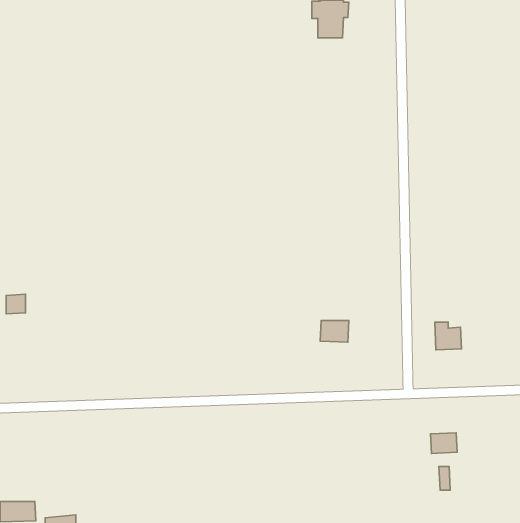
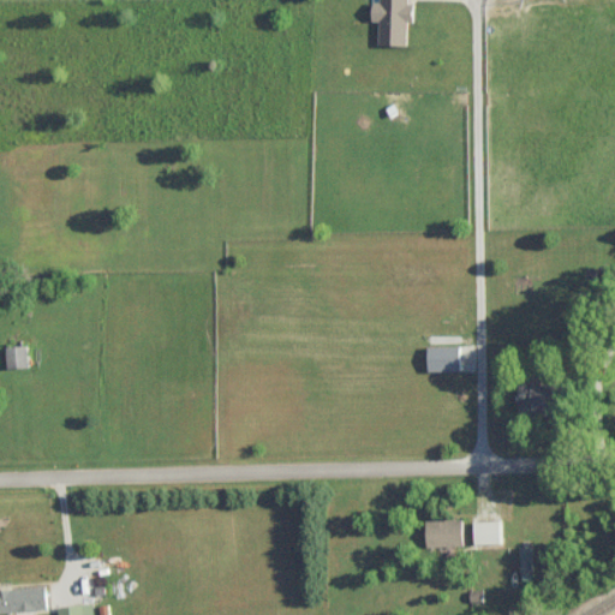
building: [320,321,349,342] -> [425,347,459,372]
building: [430,433,457,453] -> [472,521,503,545]
building: none -> [424,520,462,548]

